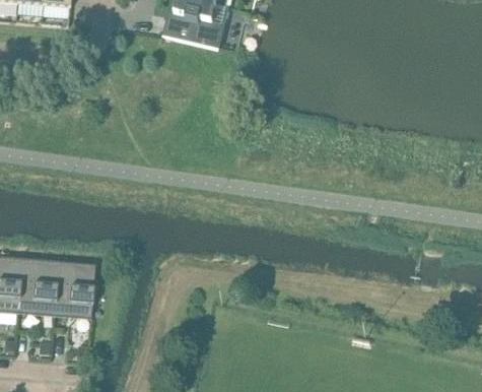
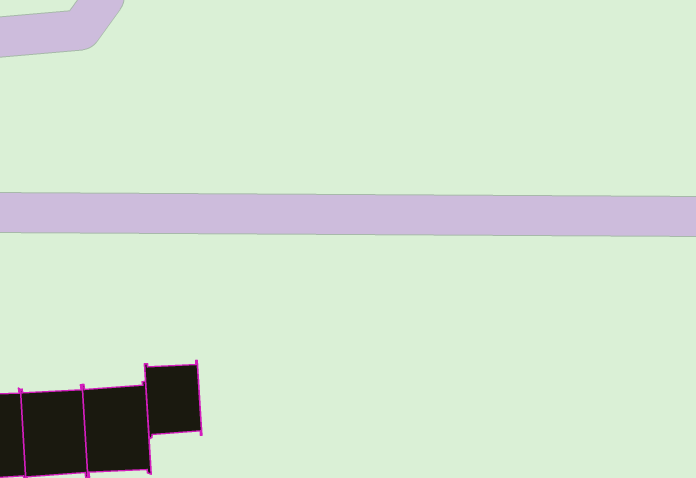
building: none -> [145,360,202,439]

